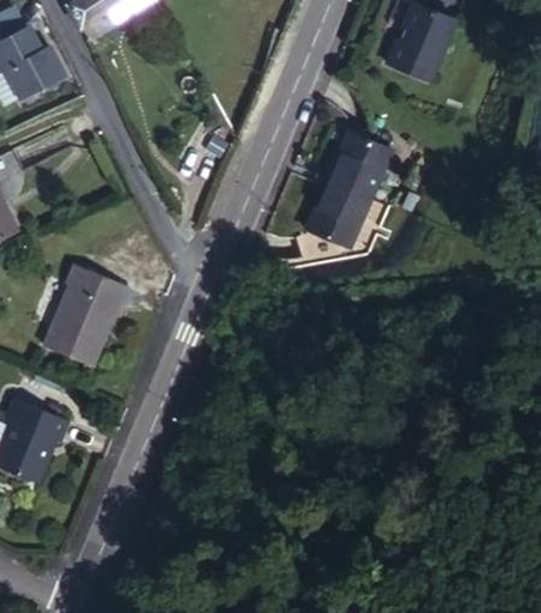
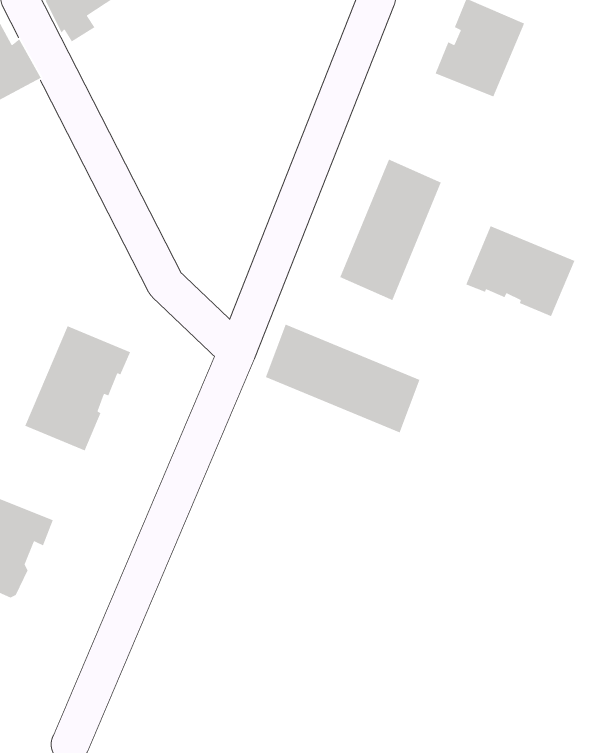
building: none -> [465,225,576,317]
building: none -> [265,324,420,433]

